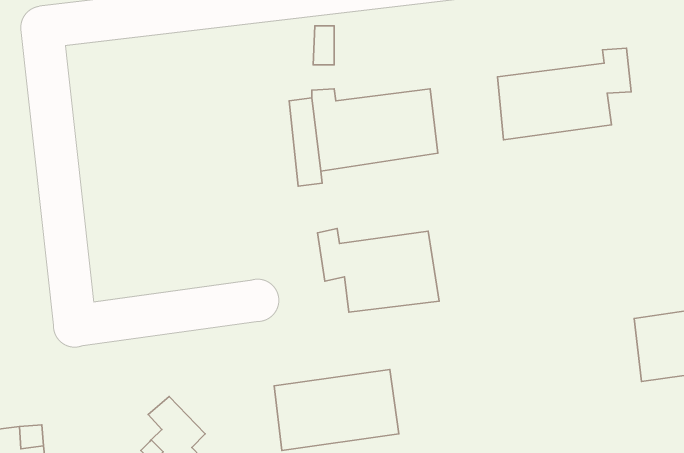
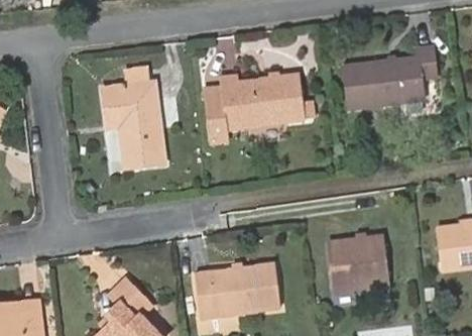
building: none -> [104,66,162,166]
building: [318,228,439,312] -> none
building: none -> [328,239,388,293]

